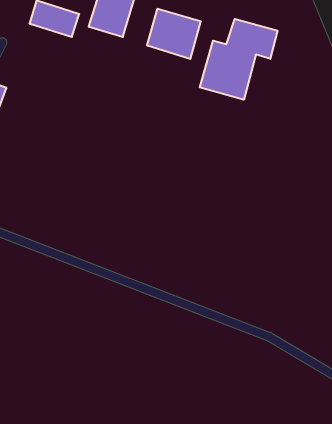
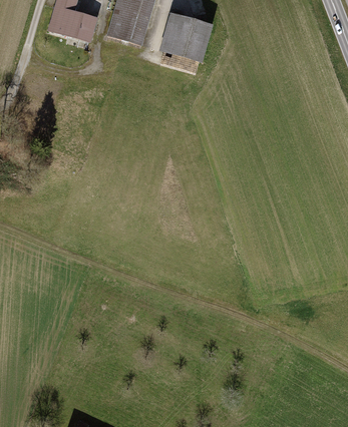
building: [200,19,278,100] -> none

